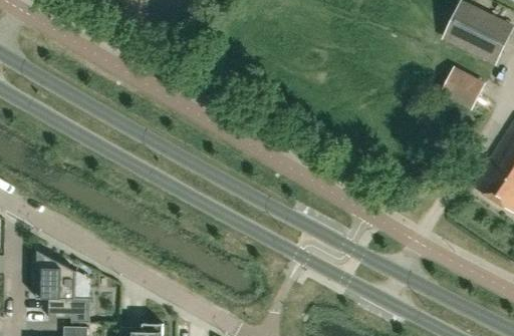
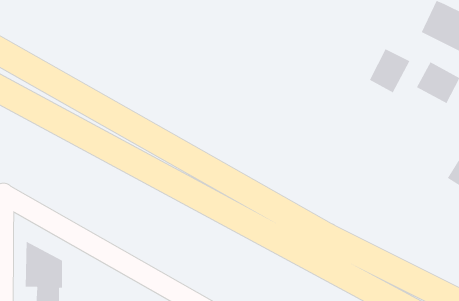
building: none -> [369,48,411,94]

